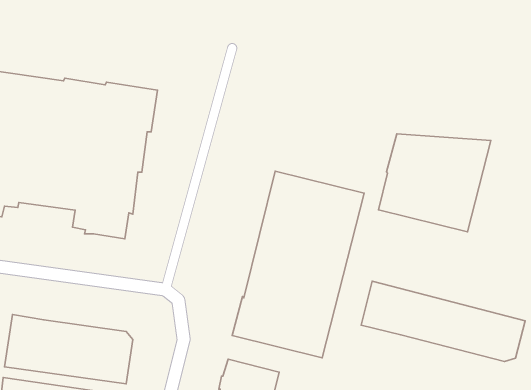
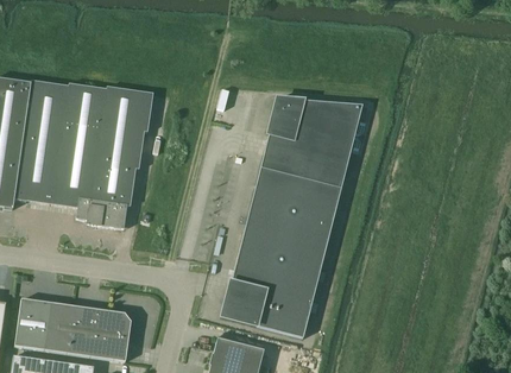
building: [378,134,491,232] -> [260,97,362,186]
building: [361,281,525,361] -> none

